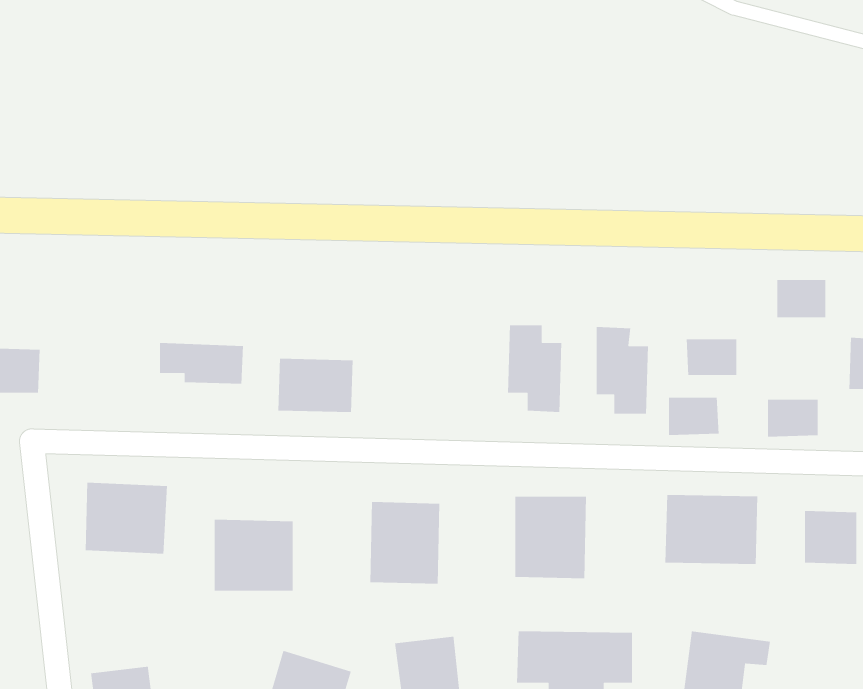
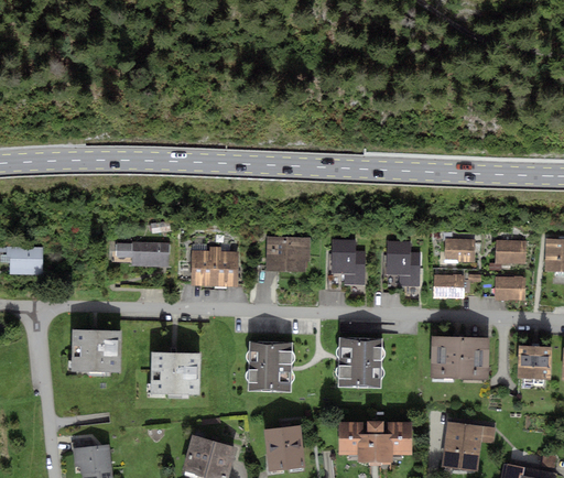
building: [777,279,826,318] -> [496,240,527,264]
building: none -> [267,236,308,271]

